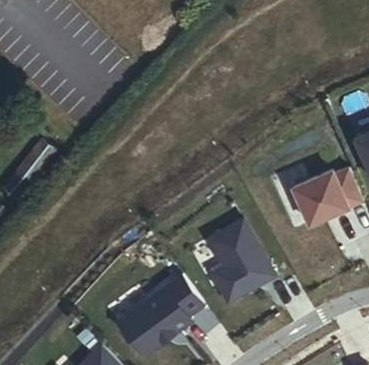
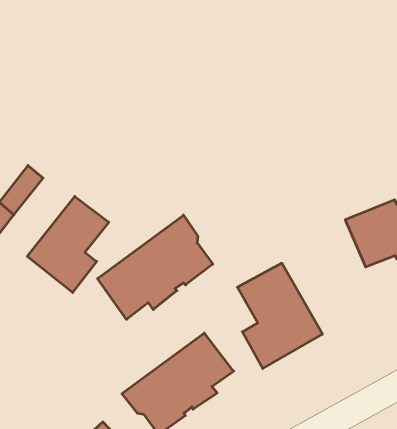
building: none -> [27,196,109,293]
building: none -> [98,215,213,319]

